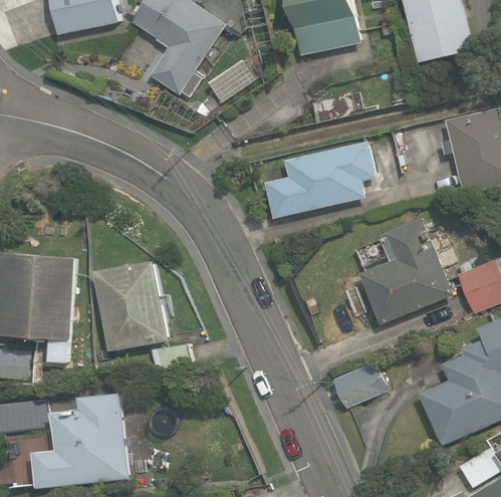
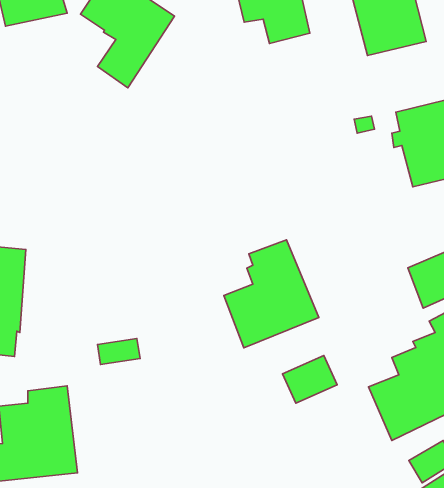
building: [264,140,375,218] -> none
building: [359,217,454,324] -> [224,240,319,348]
building: [94,259,170,351] -> none

